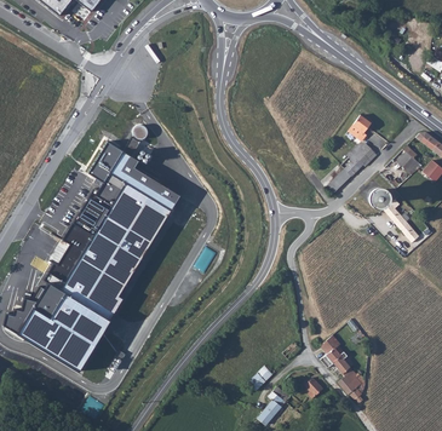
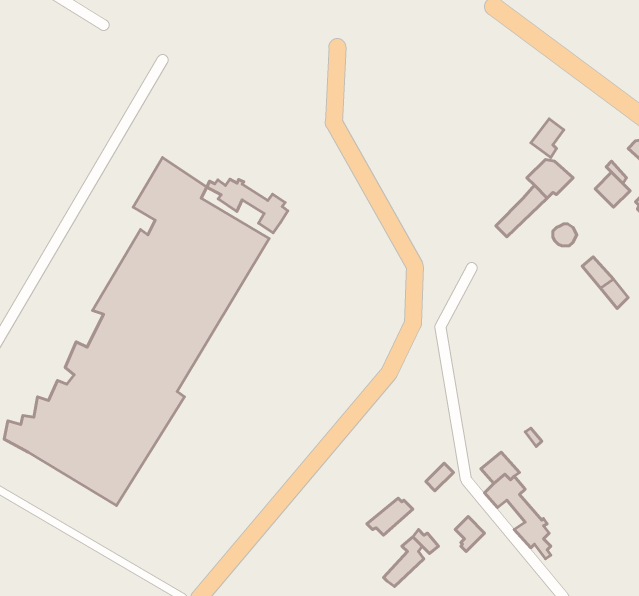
building: none -> [207,179,288,233]

